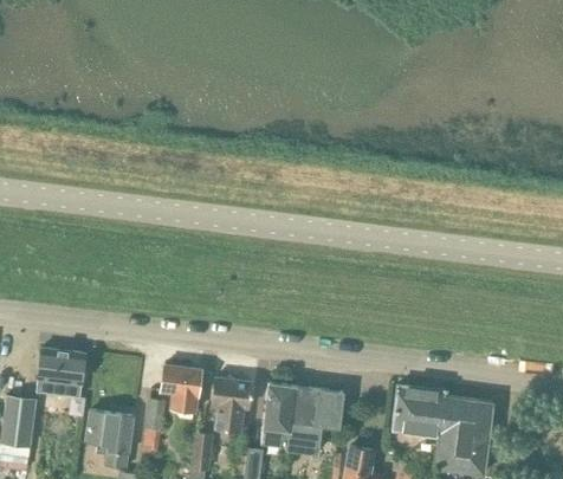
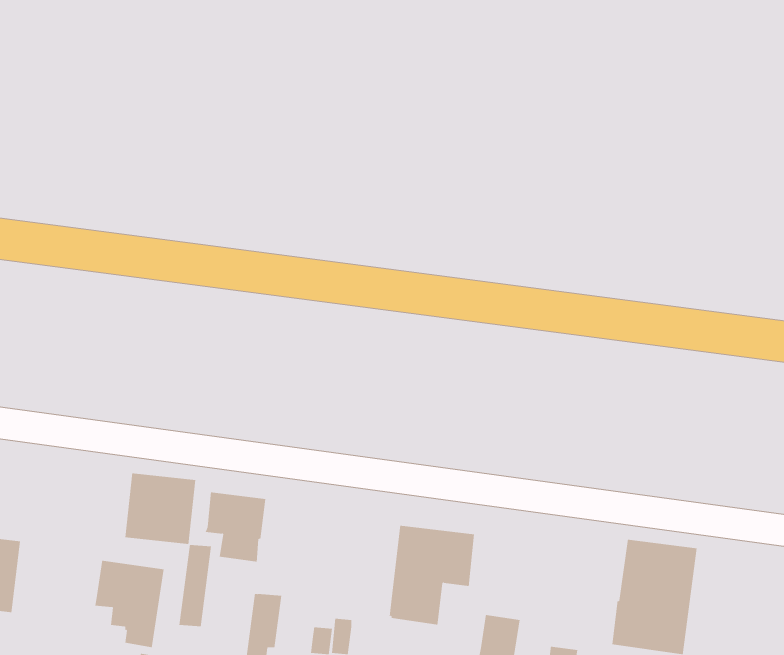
building: [37,349,85,397] -> [124,473,196,545]
building: [212,377,252,432] -> none
building: [261,383,292,448] -> none
building: [391,386,446,438] -> none

